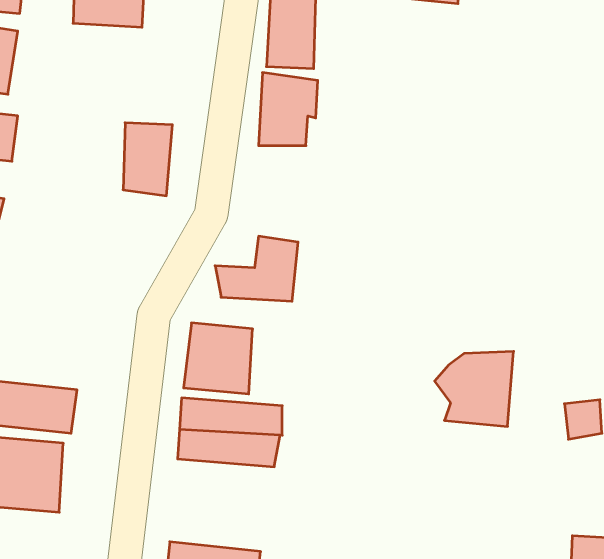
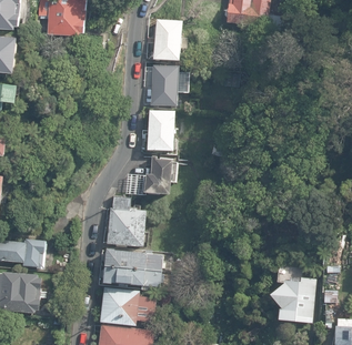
building: [123,123,172,196] -> [149,109,177,150]
building: [435,351,514,426] -> [268,278,312,321]
building: none -> [103,285,162,328]

